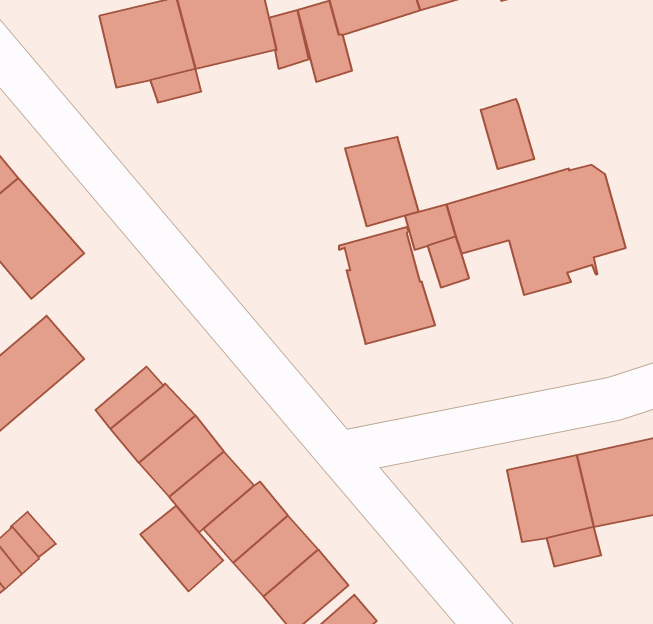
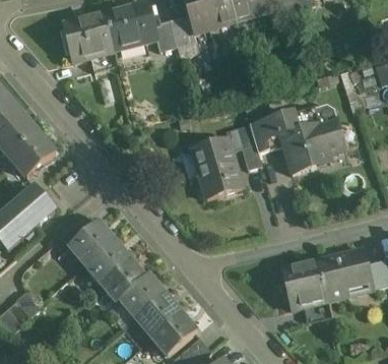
building: [481,99,534,169] -> none
building: [345,137,419,226] -> none
building: [140,506,223,591] -> none

